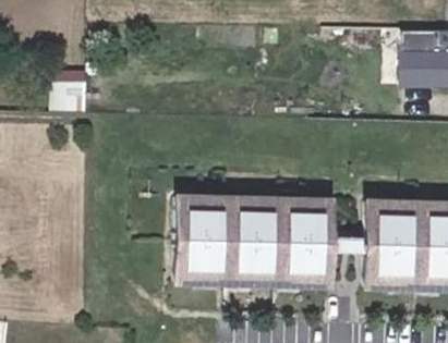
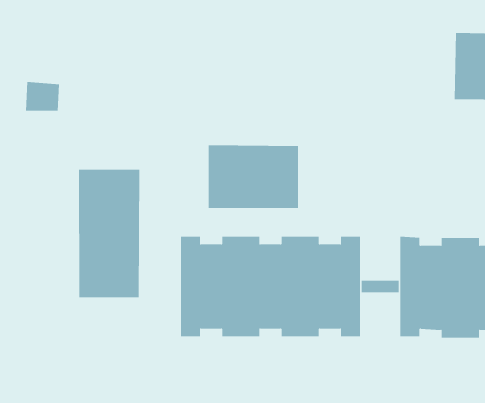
building: none -> [208,144,298,209]
building: none -> [78,169,140,298]

